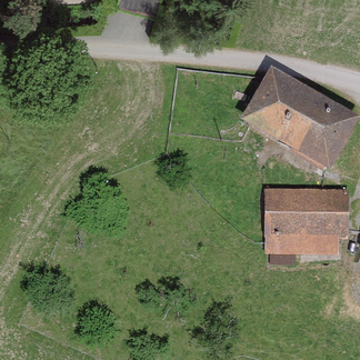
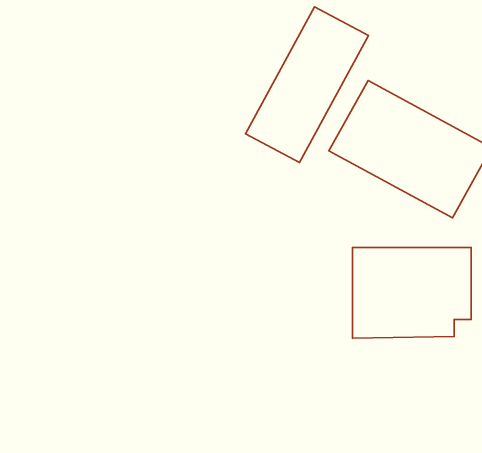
building: none -> [245,7,369,162]

